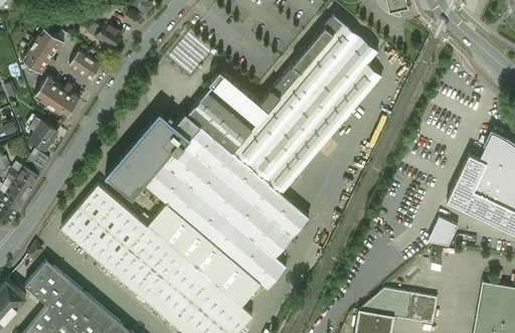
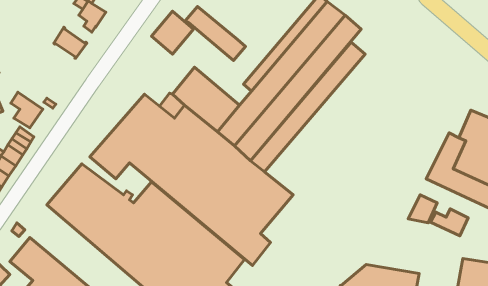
building: [24,27,64,73] -> none
building: [208,72,269,127] -> [185,7,245,60]
building: [35,75,80,116] -> none
building: none -> [431,209,468,236]

